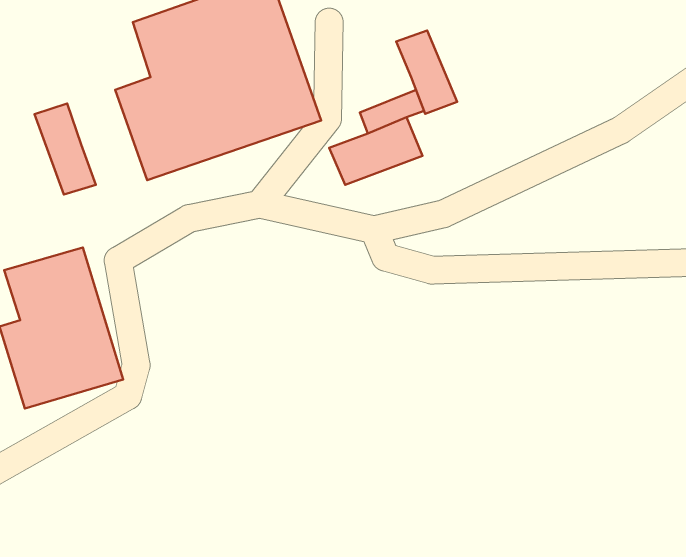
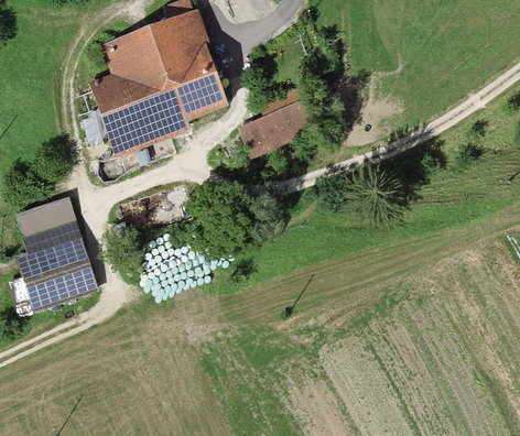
building: [396,30,457,114] -> none
building: [34,103,96,194] -> none

